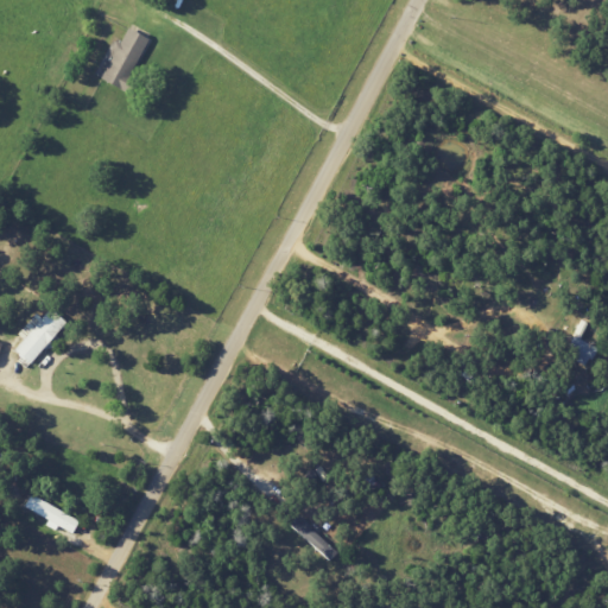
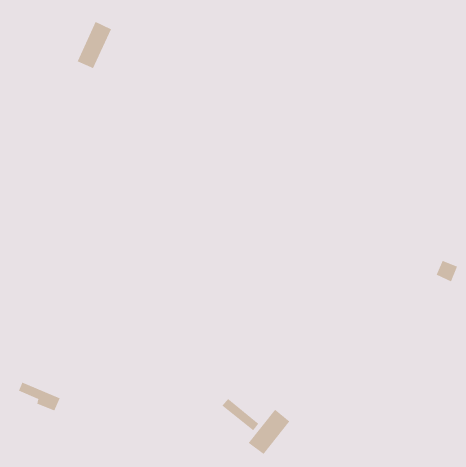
building: [13,309,66,365] -> none
building: none -> [248,409,290,455]

